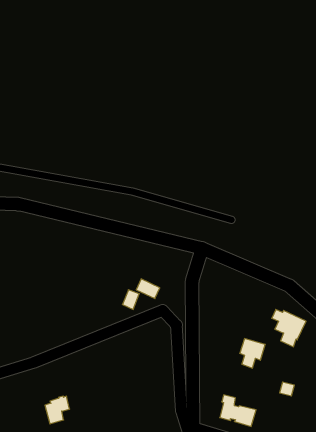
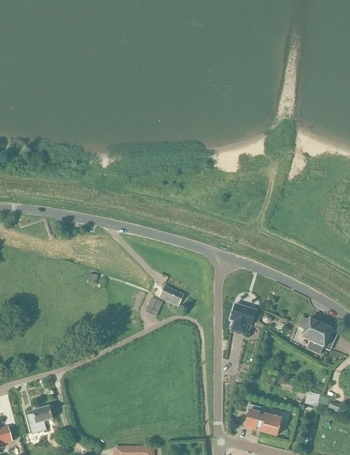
building: [240,339,265,368] -> [230,303,256,333]
building: [45,396,70,424] -> [27,405,52,433]

